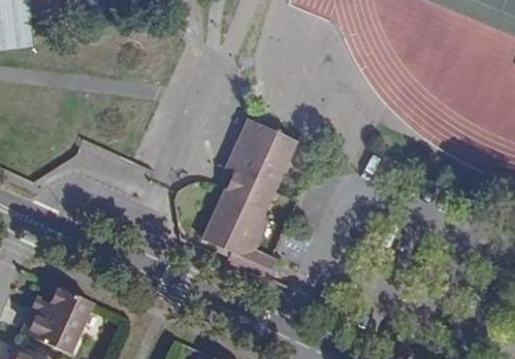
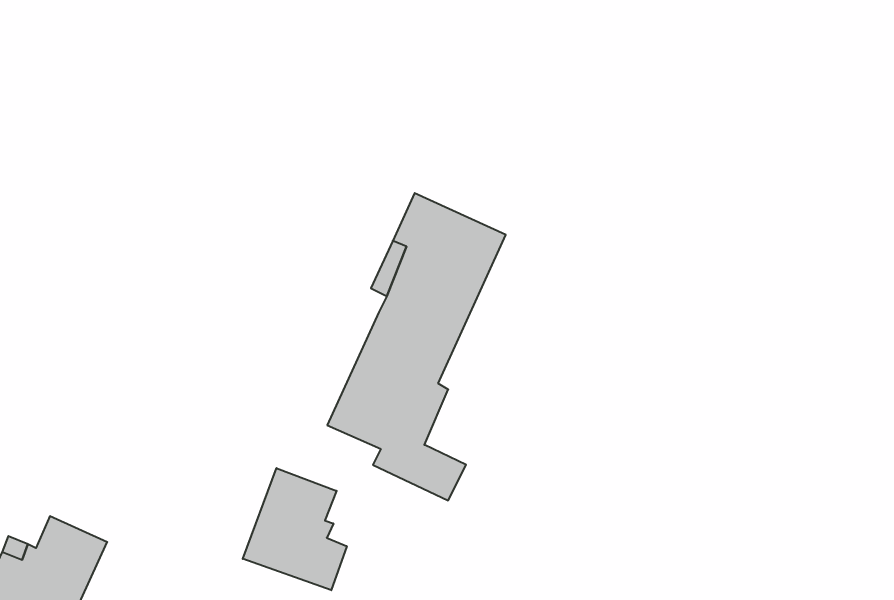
building: none -> [243,468,347,590]

